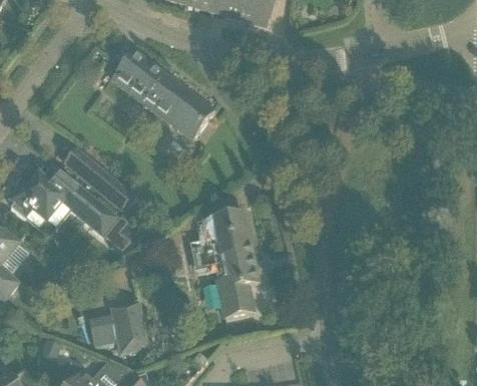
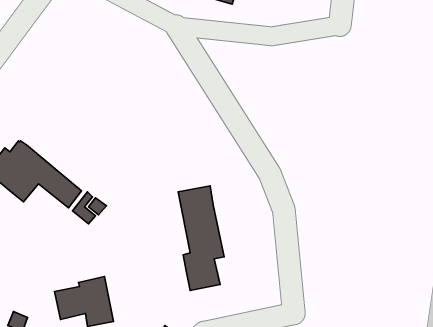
building: [110,48,214,138] -> none
building: [64,148,132,209] -> none

